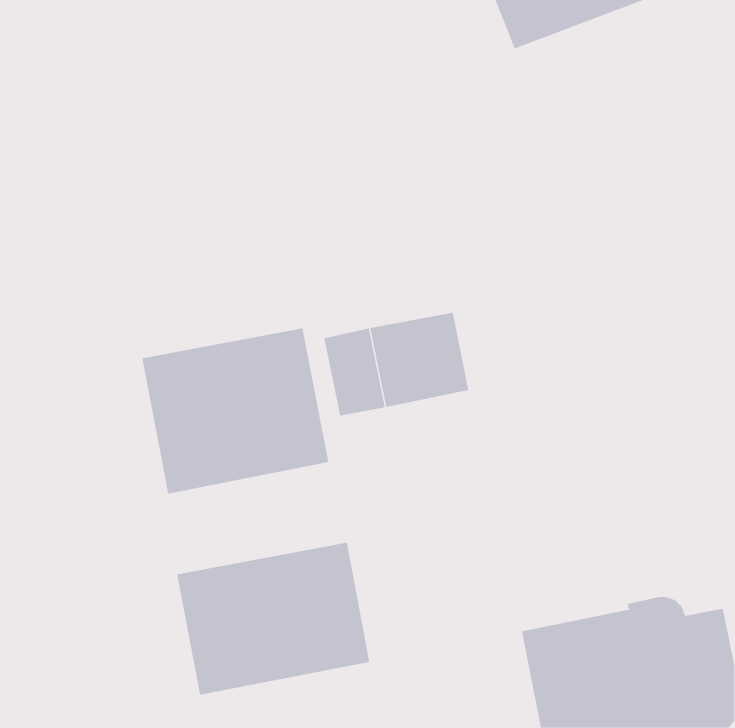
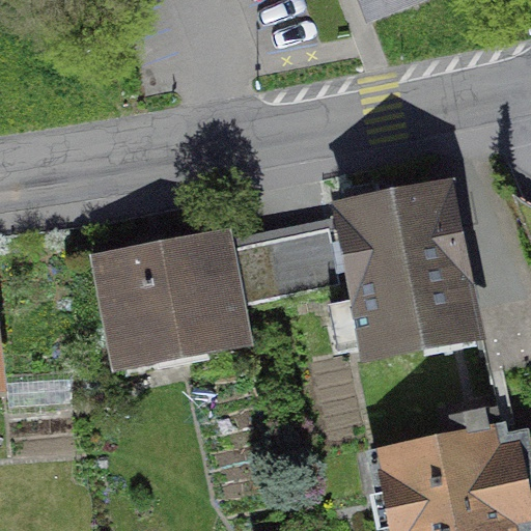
building: none -> [337,187,474,345]
building: [177,542,370,695] -> none

